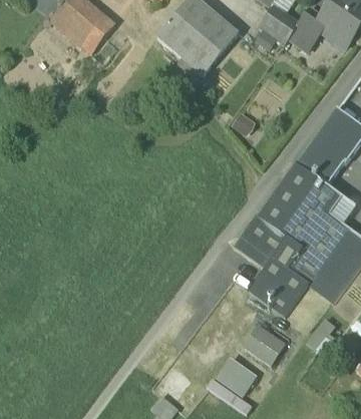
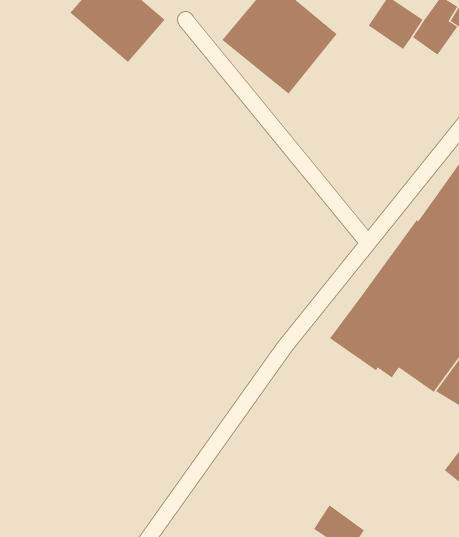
building: [246,267,305,316] -> none
building: [247,327,286,363] -> none

